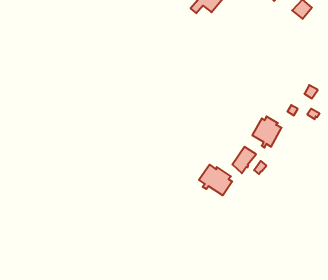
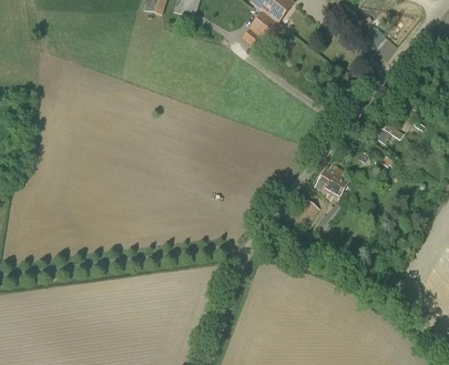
building: [199,165,232,195] -> none

